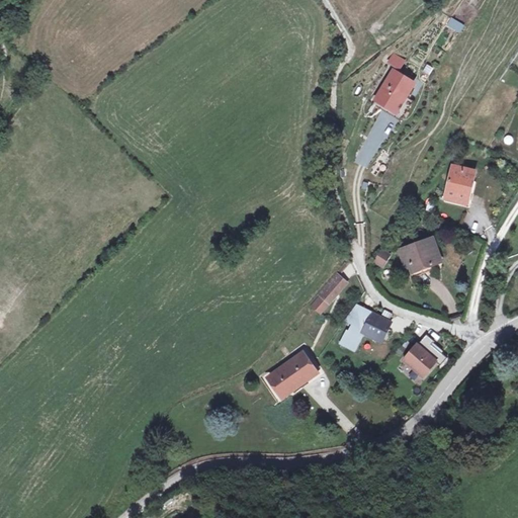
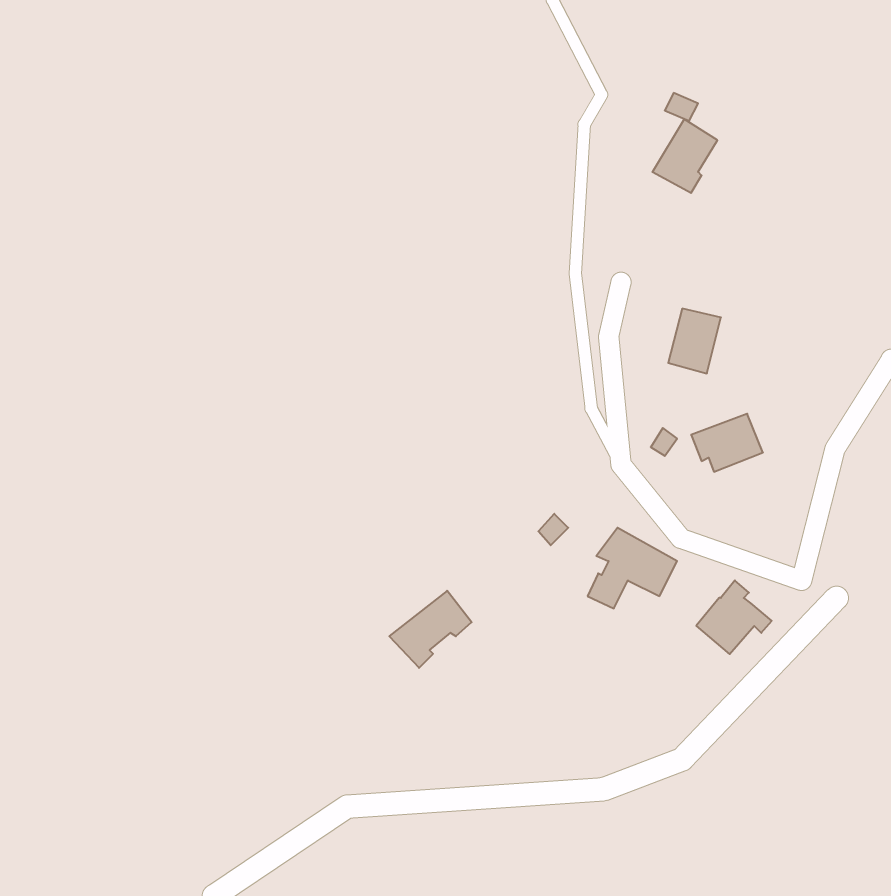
building: [447,163,478,200] -> [668,309,721,373]
building: [318,276,347,305] -> none
building: [265,354,313,399] -> [389,591,472,668]

